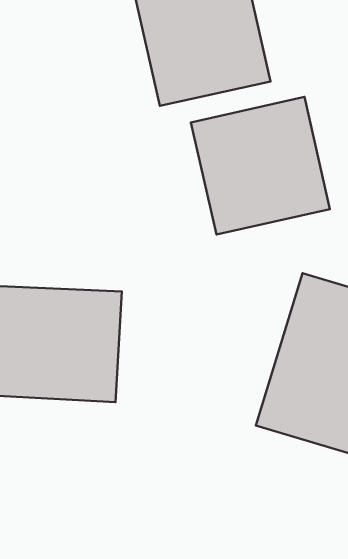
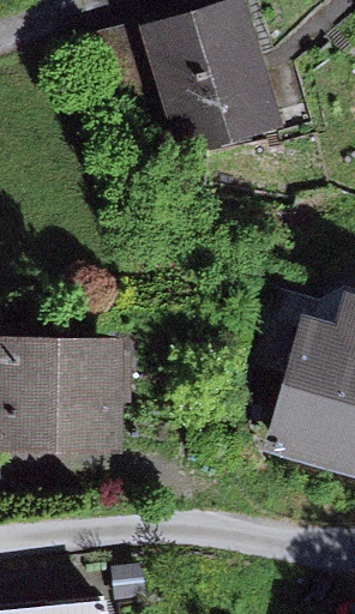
building: [191,97,330,235] -> none

